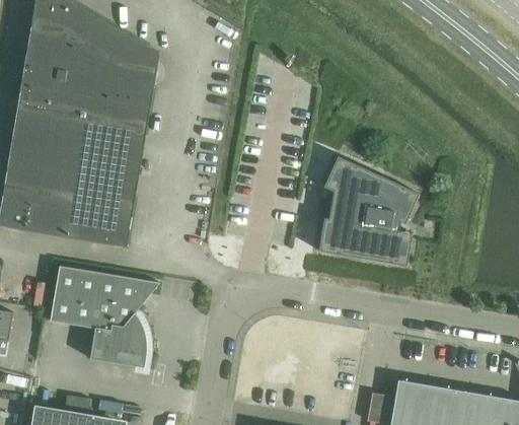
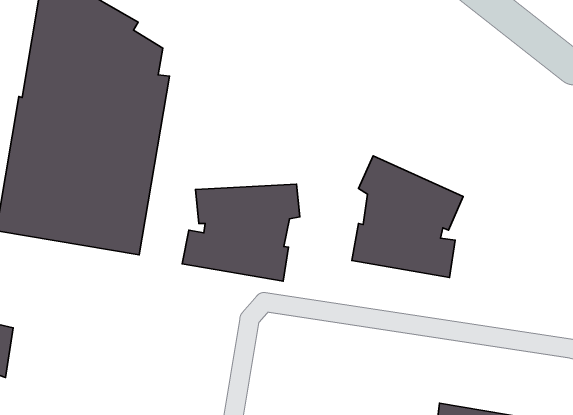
building: none -> [182,184,300,281]
building: [50,266,160,372] -> none

